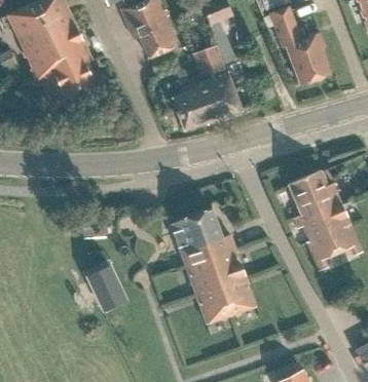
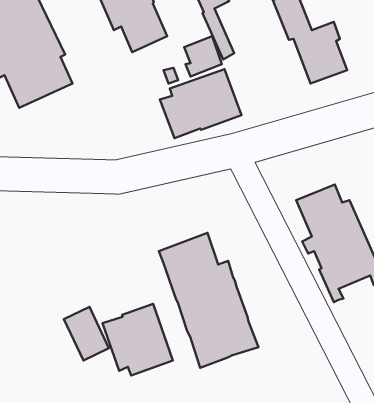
building: none -> [103,304,173,376]

